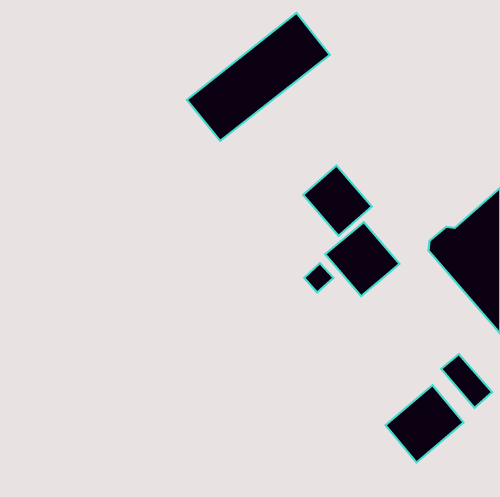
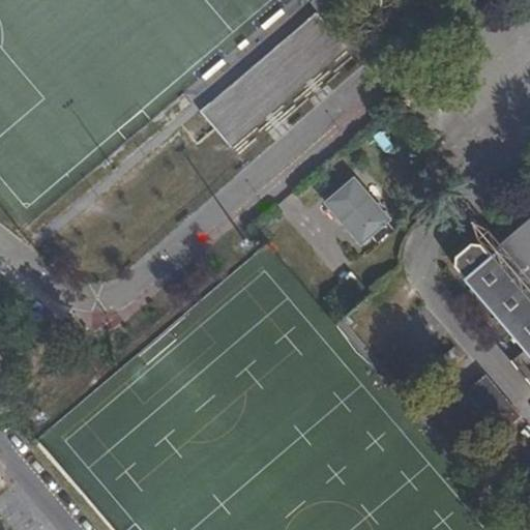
building: [325,222,400,296] -> none
building: [385,385,464,463] -> none

